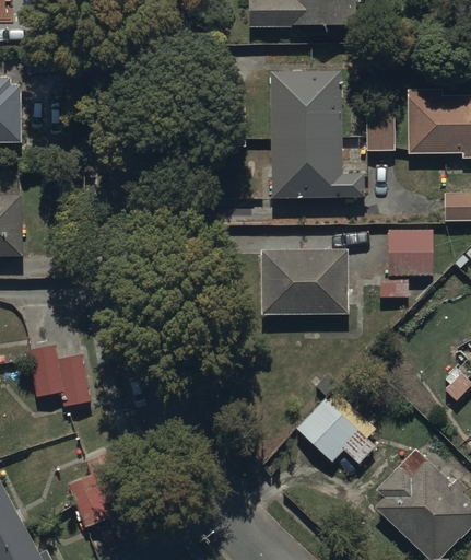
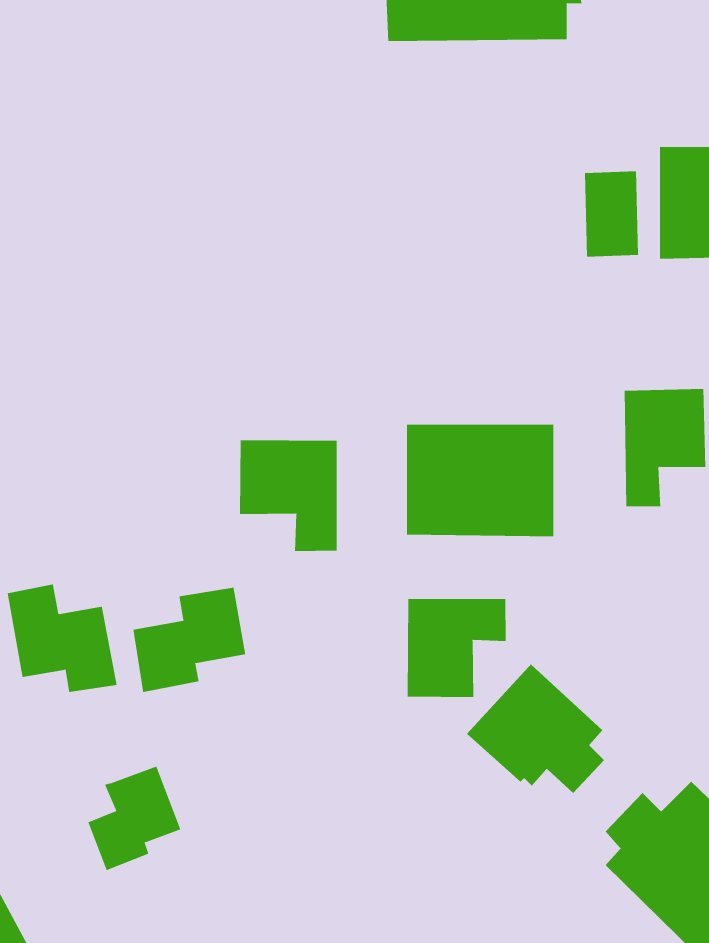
building: [270,71,364,198] -> none
building: none -> [239,440,337,552]
building: none -> [133,587,246,693]
building: none -> [407,598,506,698]

